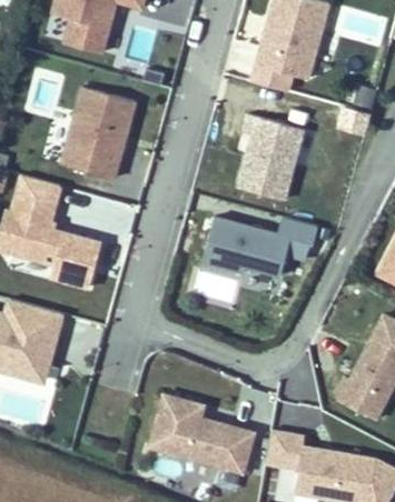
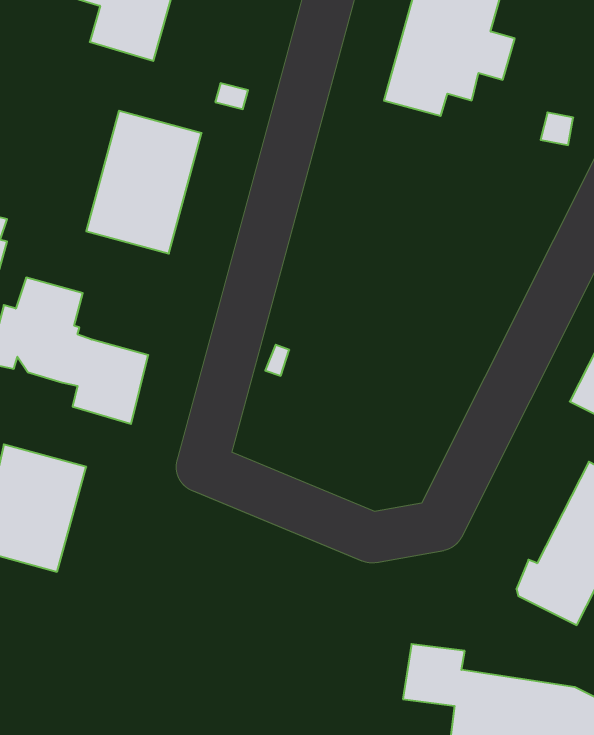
building: [238,114,305,201] -> none
building: [200,217,315,280] -> none
building: [149,394,254,473] -> none

